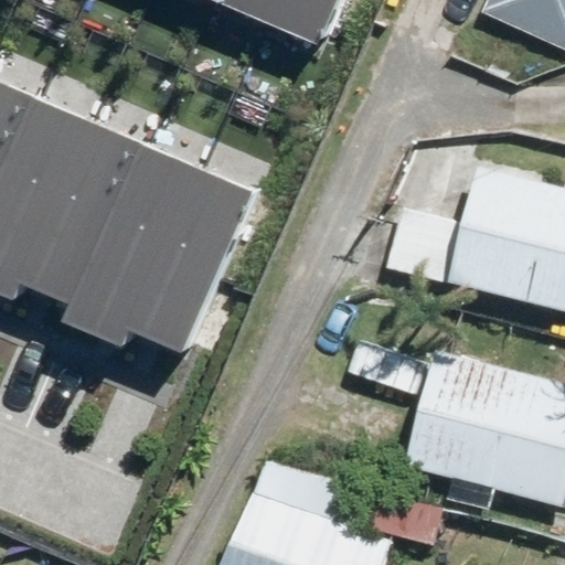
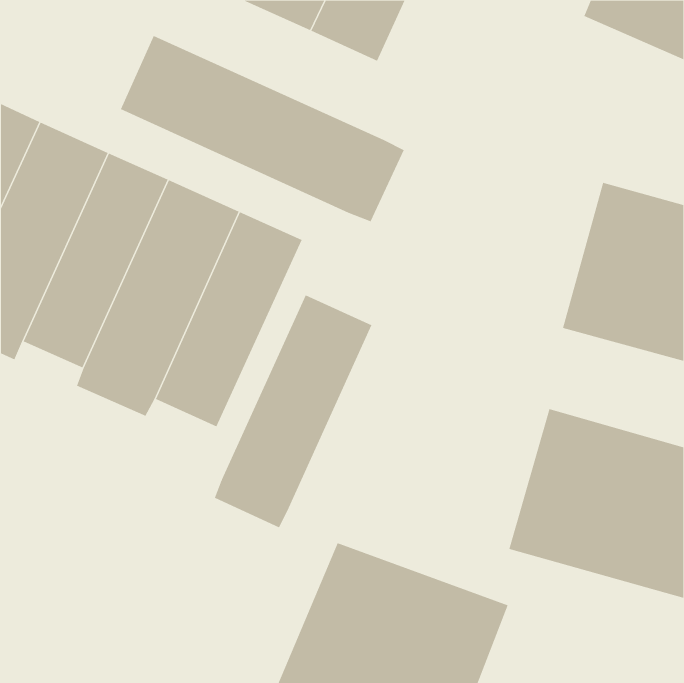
building: none -> [120,35,405,222]
building: none -> [214,295,372,528]

